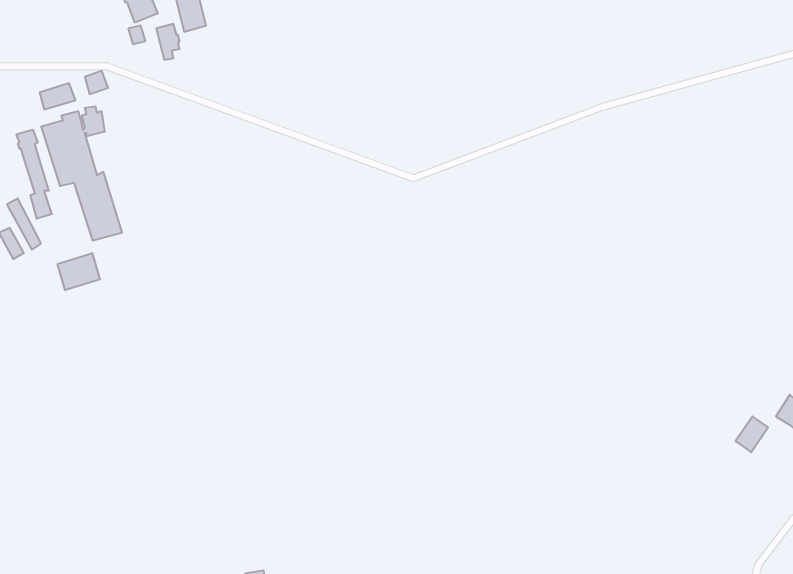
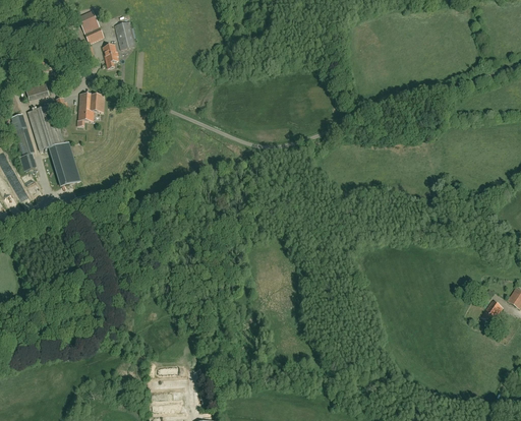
building: none -> [77,94,105,126]
building: [58,253,100,290] -> none

